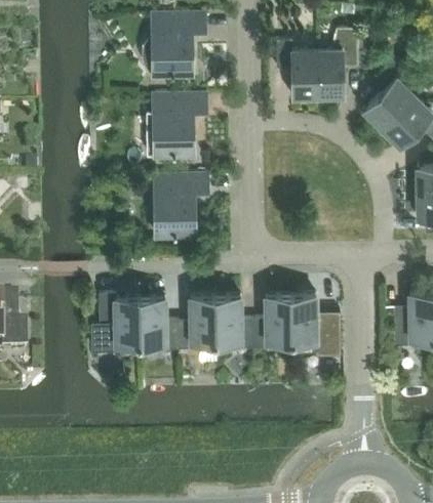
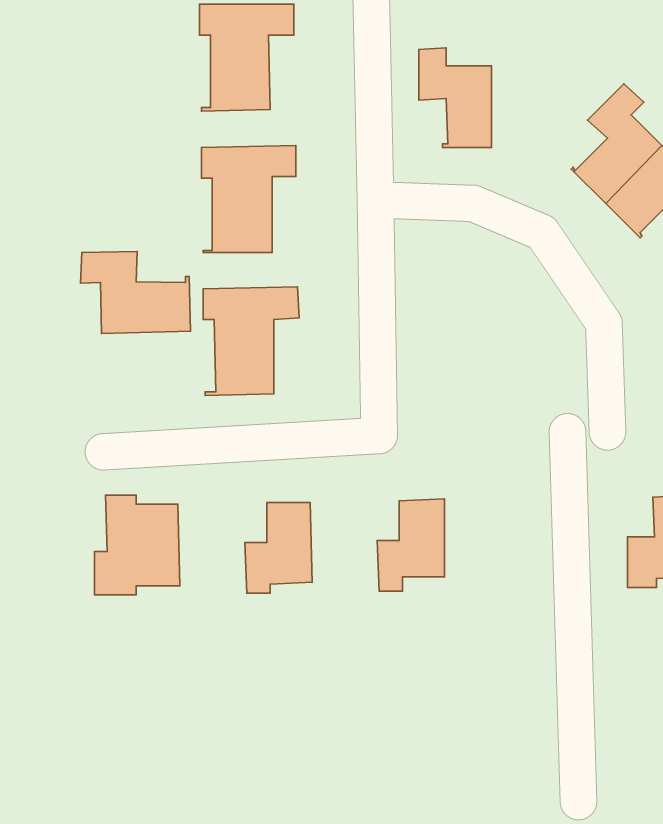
building: [317,25,358,93] -> none
building: none -> [81,251,191,333]
building: [290,292,340,352] -> none
building: [214,293,253,344] -> none
building: [140,294,179,345] -> none

